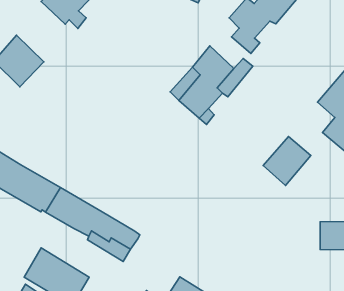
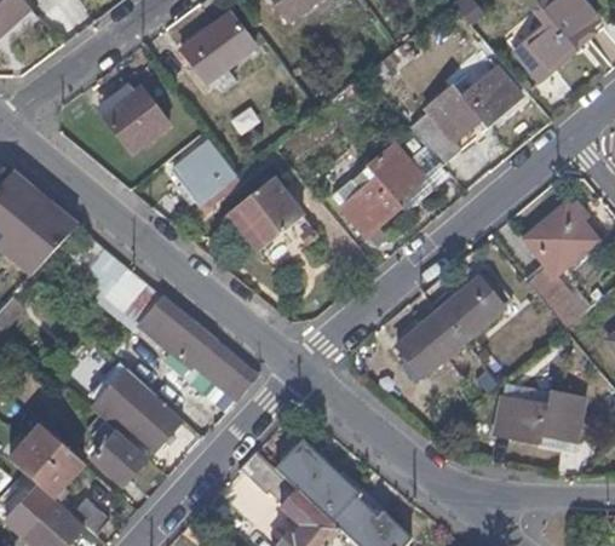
building: none -> [169,134,236,202]
building: none -> [225,174,301,249]
building: none -> [396,310,462,377]

